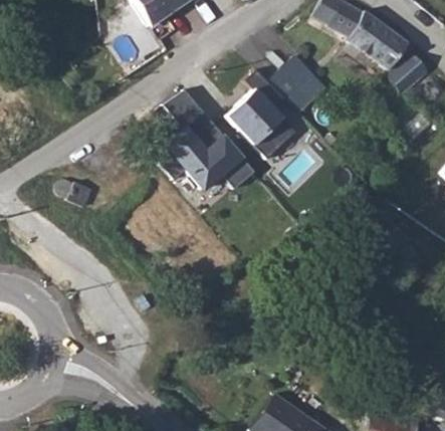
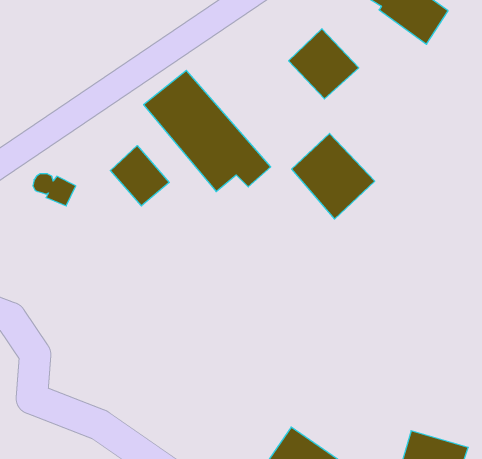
building: [390,52,430,91] -> none
building: [232,86,302,159] -> [292,133,375,219]
building: none -> [110,146,169,206]

